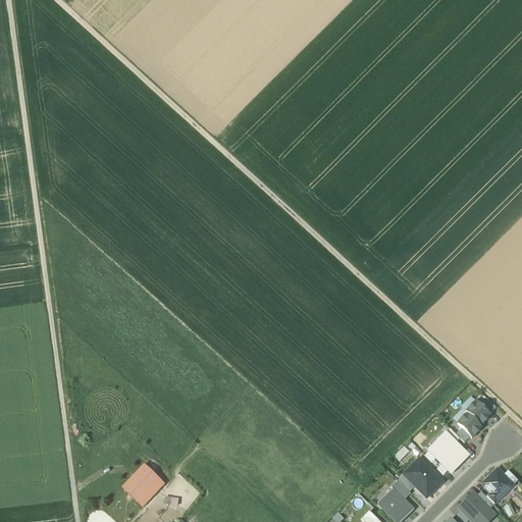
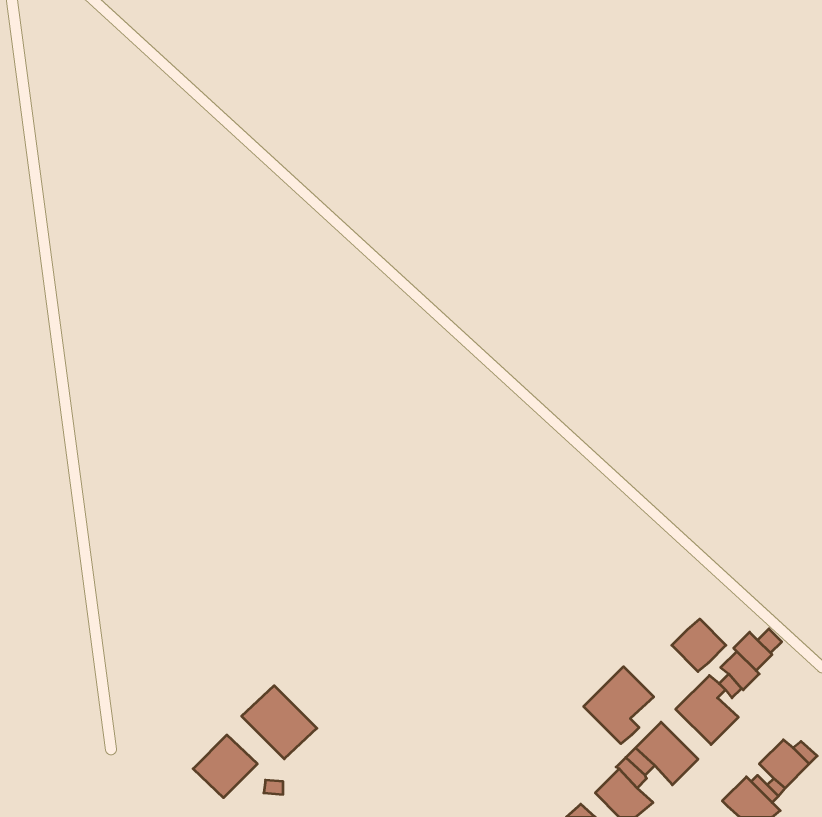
building: none -> [672,619,726,672]
building: none -> [584,667,654,744]
building: none -> [242,686,317,759]

